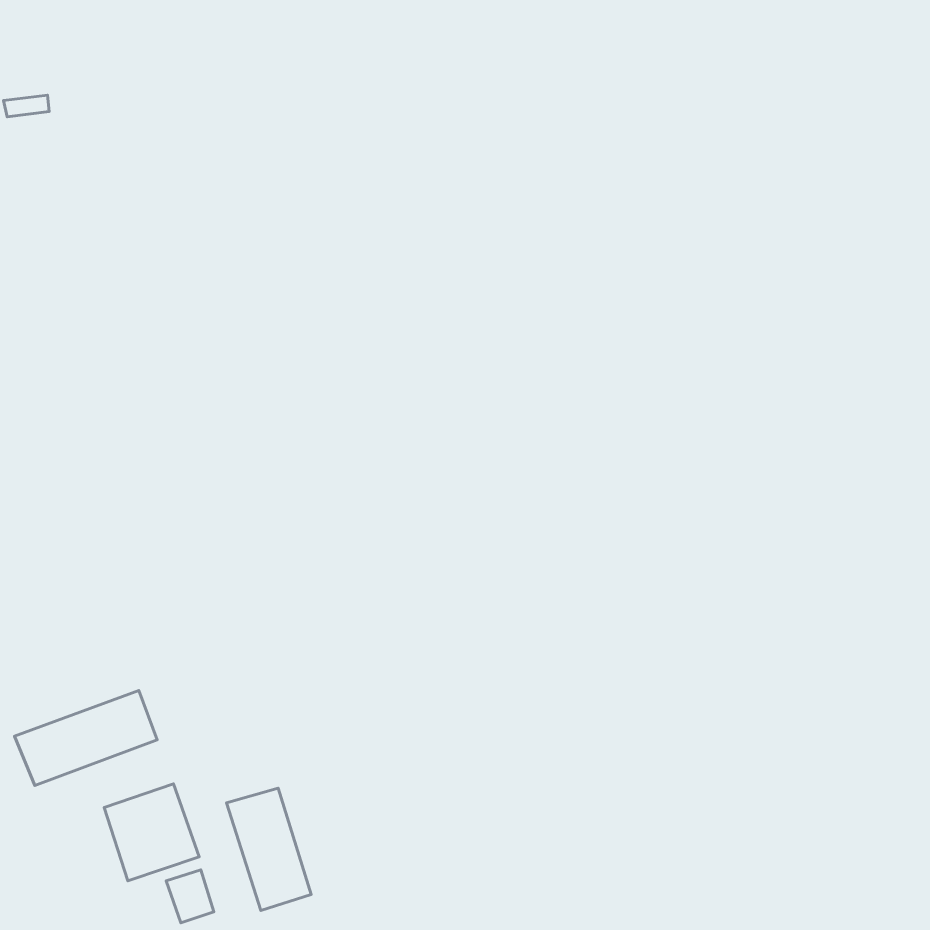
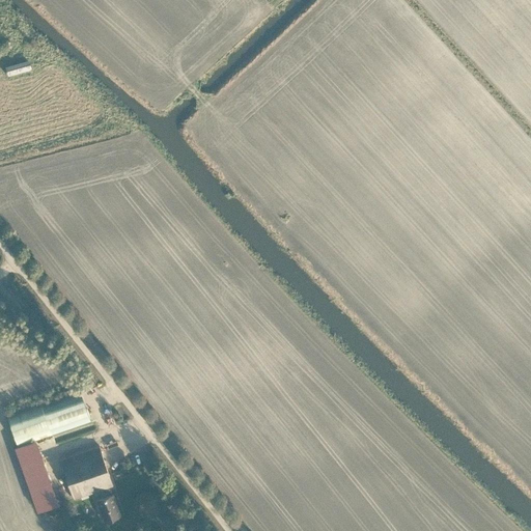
building: [227,788,311,910] -> none
building: none -> [22,456,58,512]

